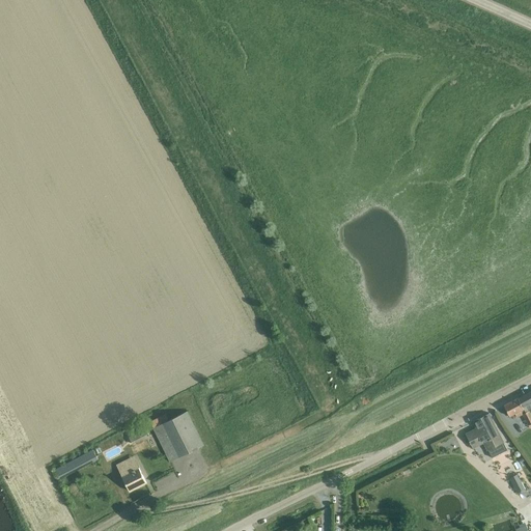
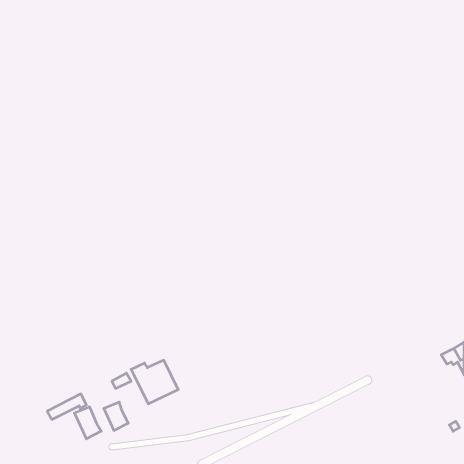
building: [465,412,506,457] -> none
building: none -> [74,407,101,439]

